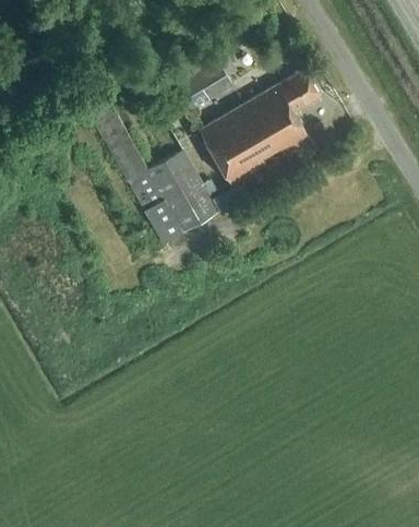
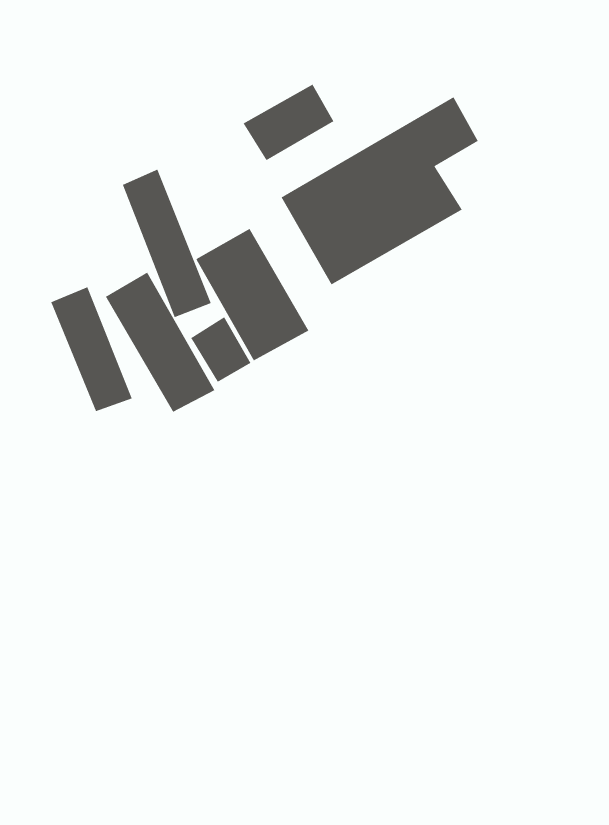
building: none -> [105,271,215,413]
building: none -> [50,286,133,412]

